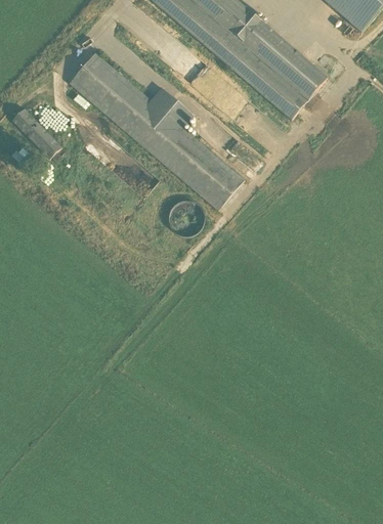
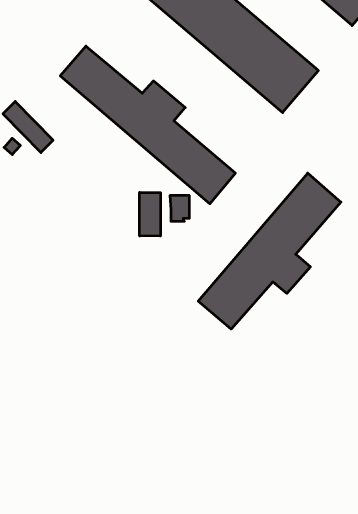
building: none -> [198,173,341,329]
building: none -> [140,192,160,236]

